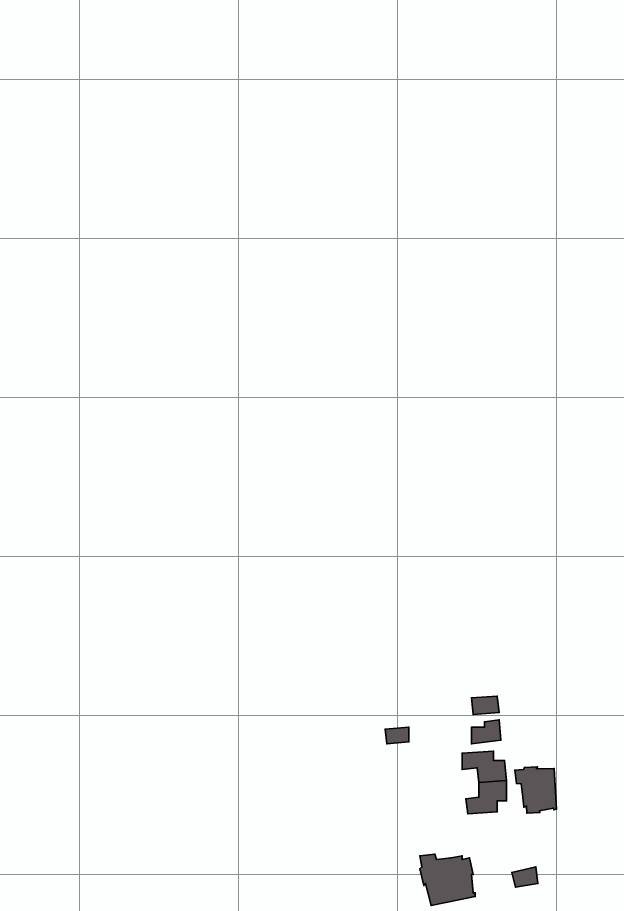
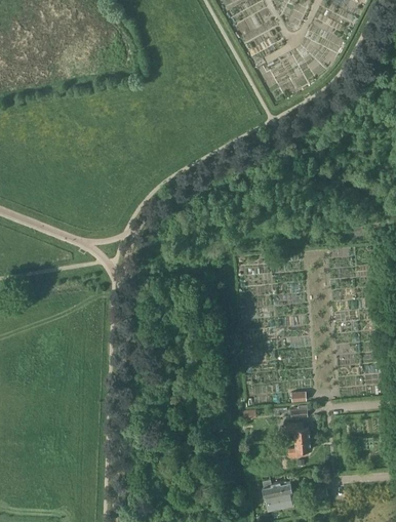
building: [515,767,556,813] -> none

